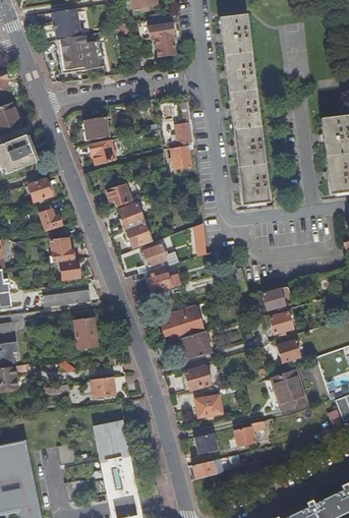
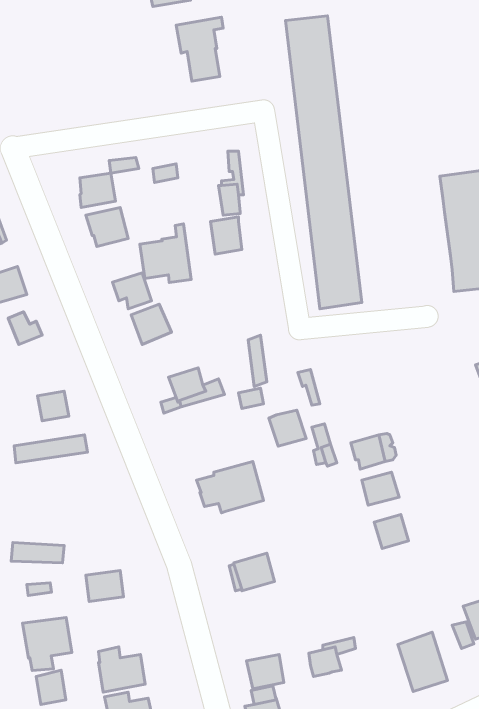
building: [54,8,81,34] -> none
building: [58,33,105,73] -> none
building: none -> [140,224,191,283]
building: [126,221,153,247] -> none
building: [49,237,73,261] -> none
building: [149,270,173,293] -> [269,410,306,446]
building: [73,316,97,347] -> none
building: [181,331,214,360] -> none
building: [267,372,299,411] -> [398,632,448,691]
building: [196,395,224,417] -> none
building: none -> [23,617,72,671]

